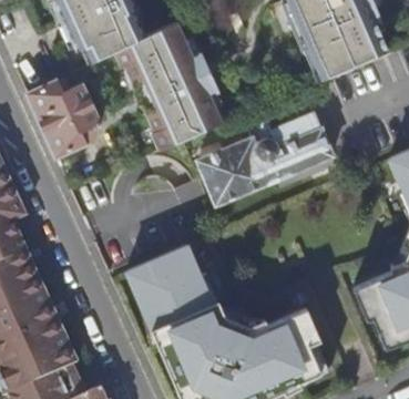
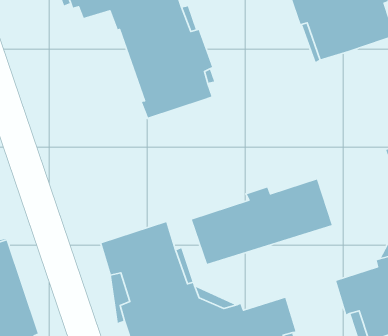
building: [29,80,100,157] -> none
building: [197,112,333,204] -> [191,179,333,265]

